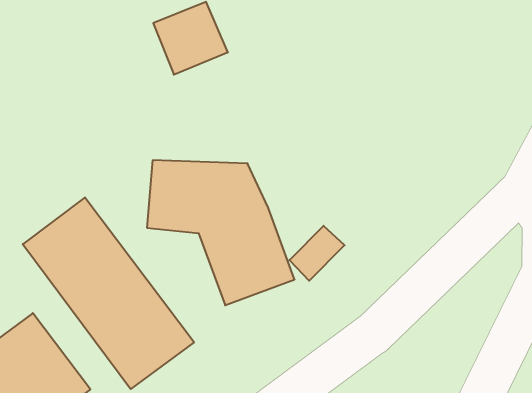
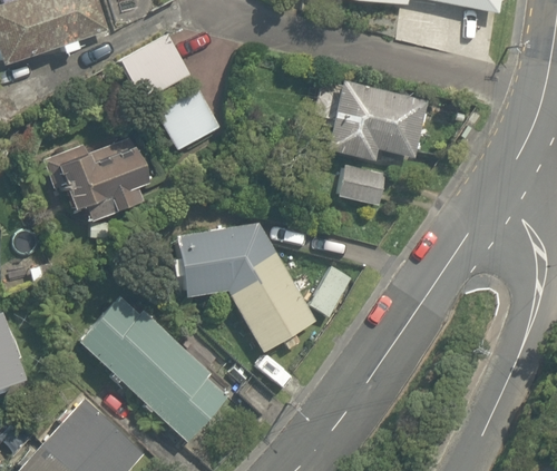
building: none -> [320,78,431,161]
building: none -> [45,125,156,226]
building: none -> [338,163,385,216]

